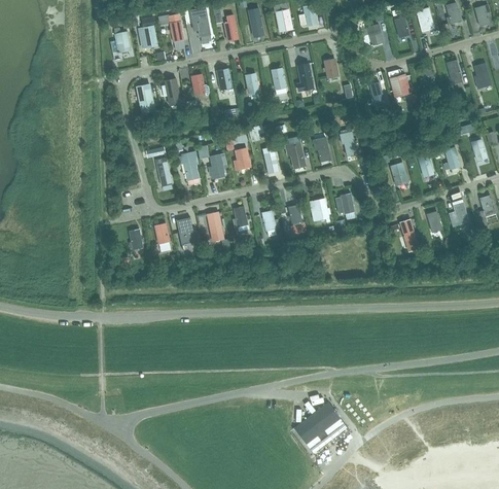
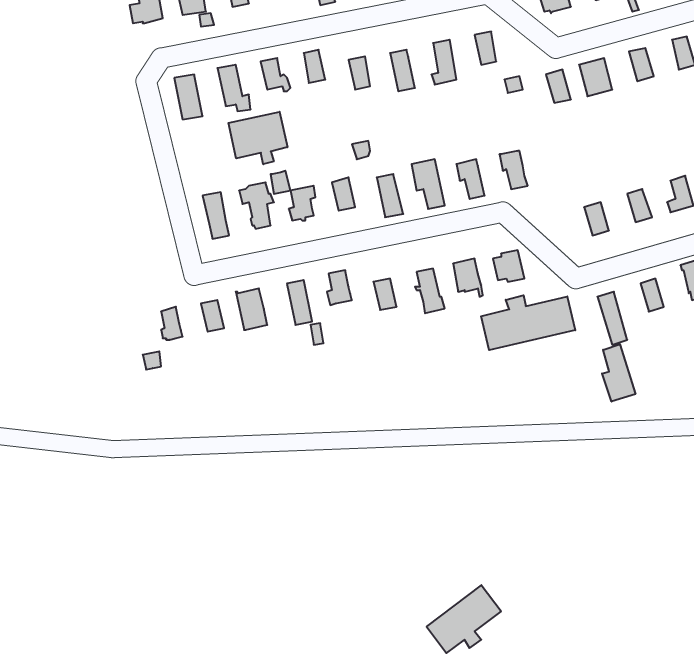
building: none -> [228,112,287,164]
building: none -> [481,295,575,350]
building: none -> [602,344,635,402]

